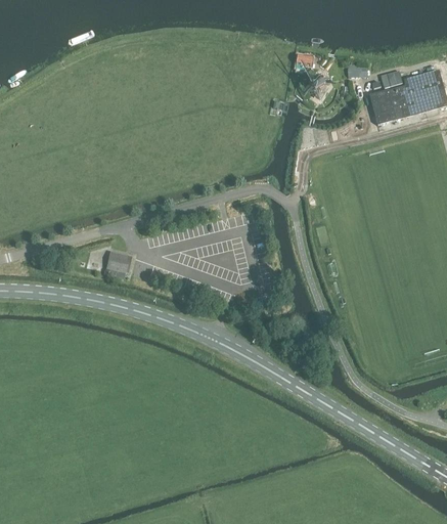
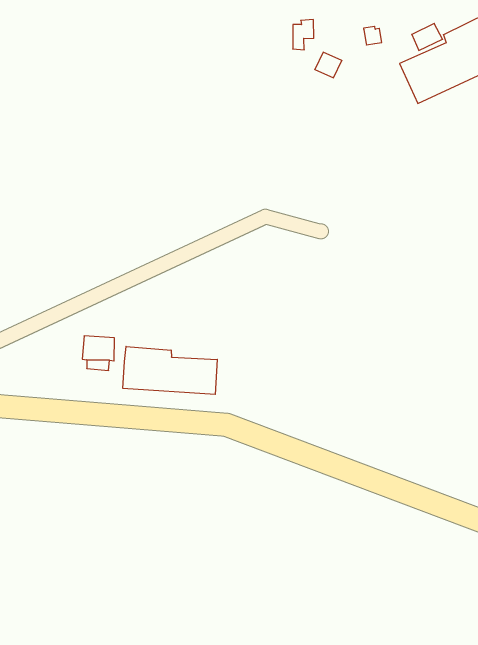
building: none -> [123,346,217,394]

